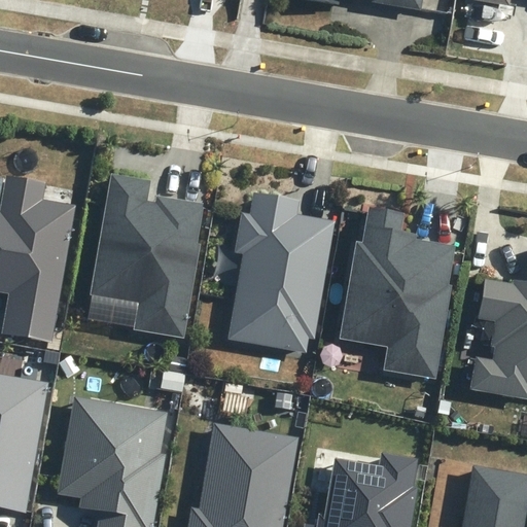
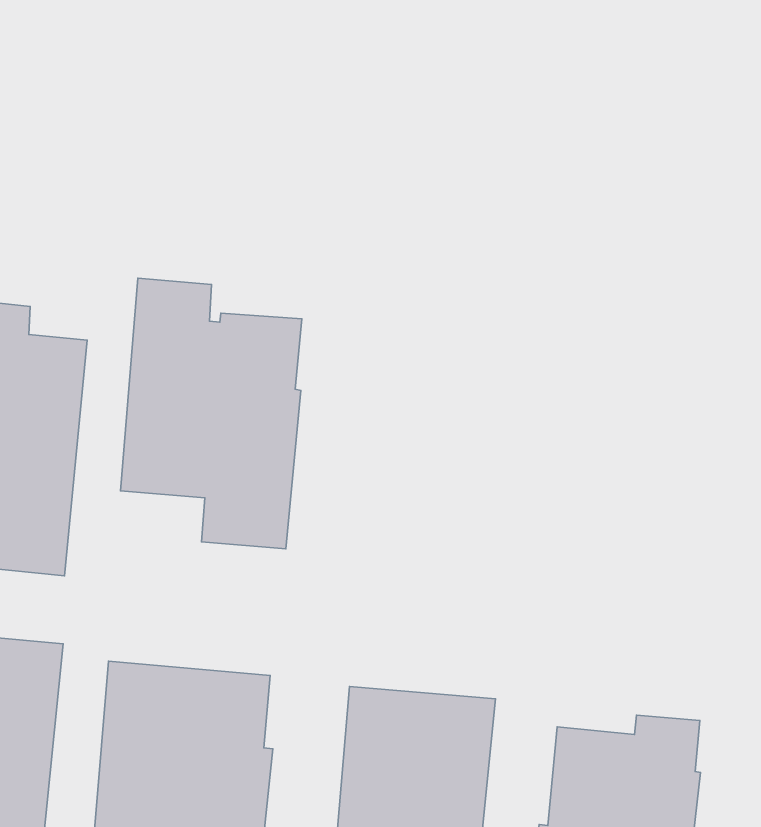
building: [229,194,336,353] -> none
building: [339,206,457,381] -> none

